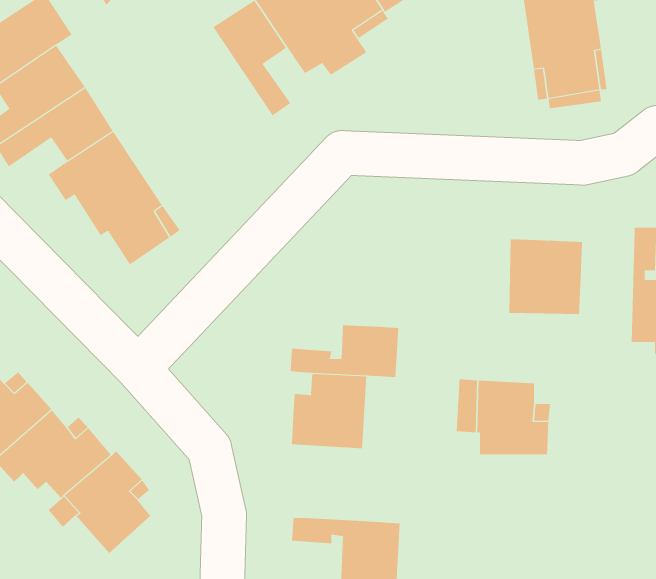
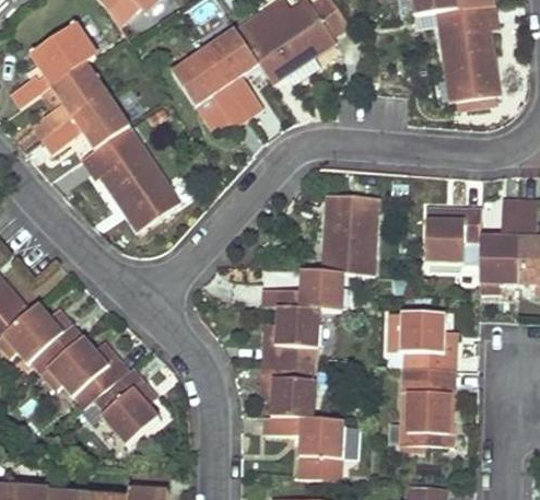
building: none -> [172,48,248,126]
building: none -> [322,195,376,275]
building: none -> [479,200,519,292]
building: none -> [260,361,316,418]
building: none -> [392,369,455,445]

